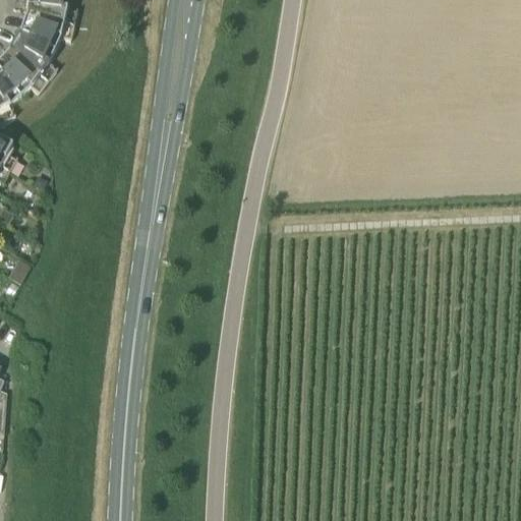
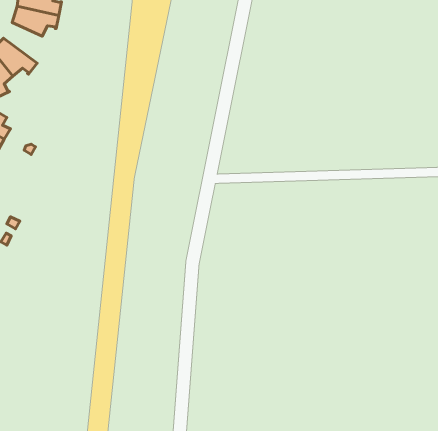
building: [4,26,53,74] -> none

